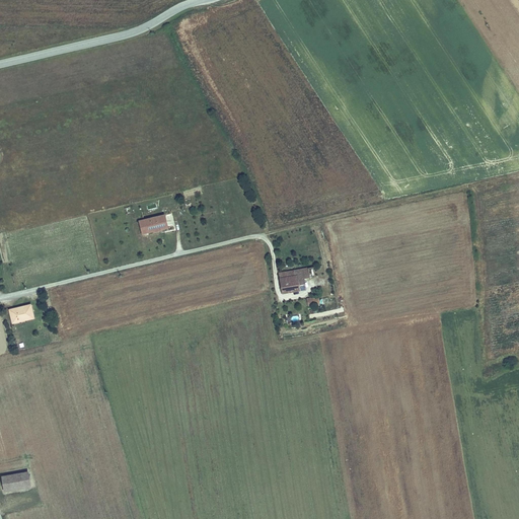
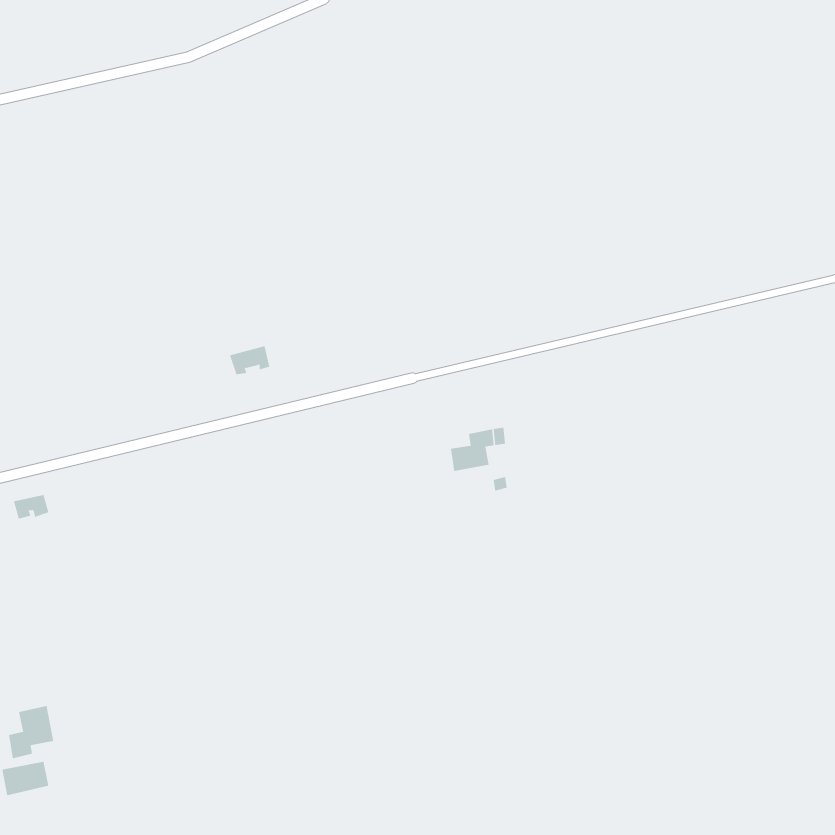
building: none -> [8,705,54,759]

